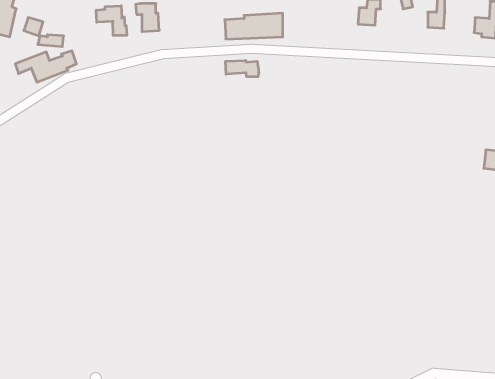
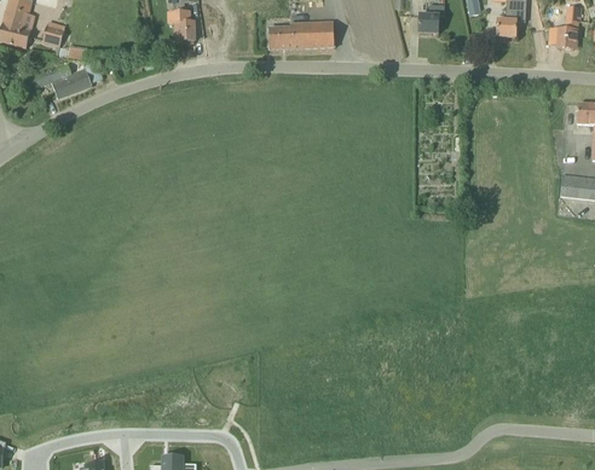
building: [96,6,127,35] -> none
building: [226,60,259,77] -> none

